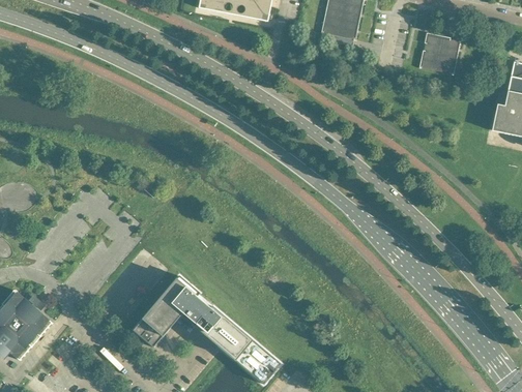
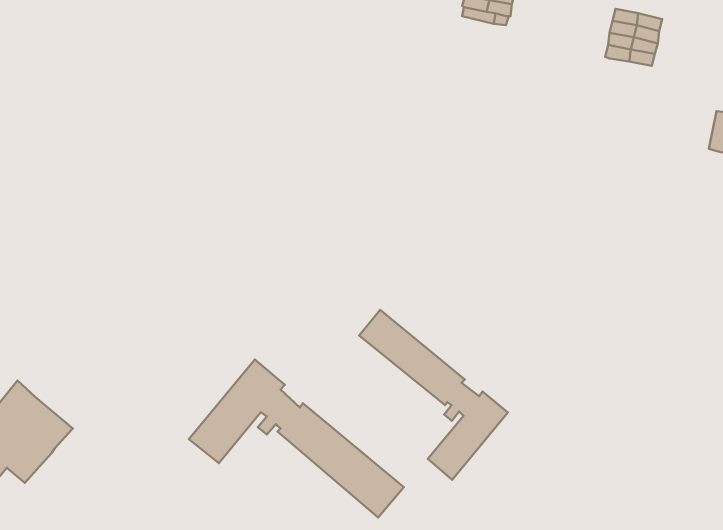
building: none -> [359,310,508,480]

